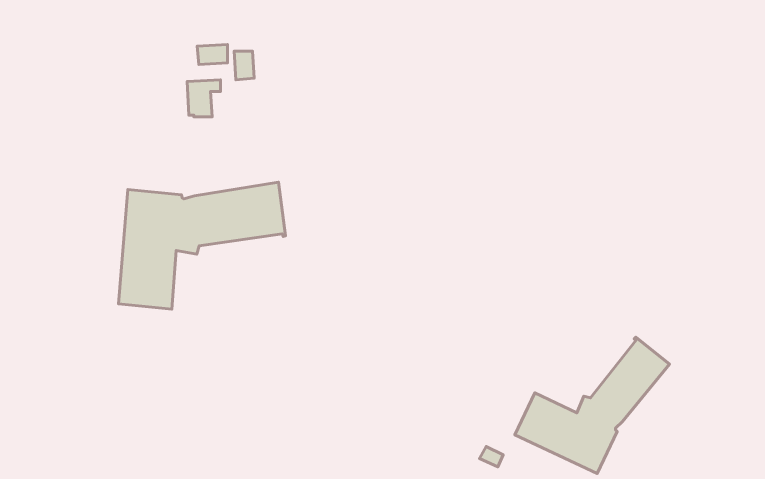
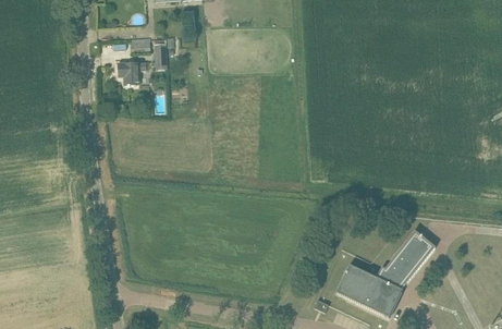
building: [118,182,286,309] -> none

